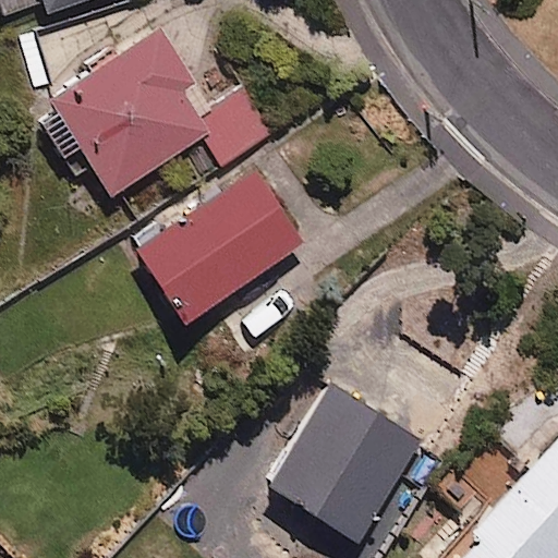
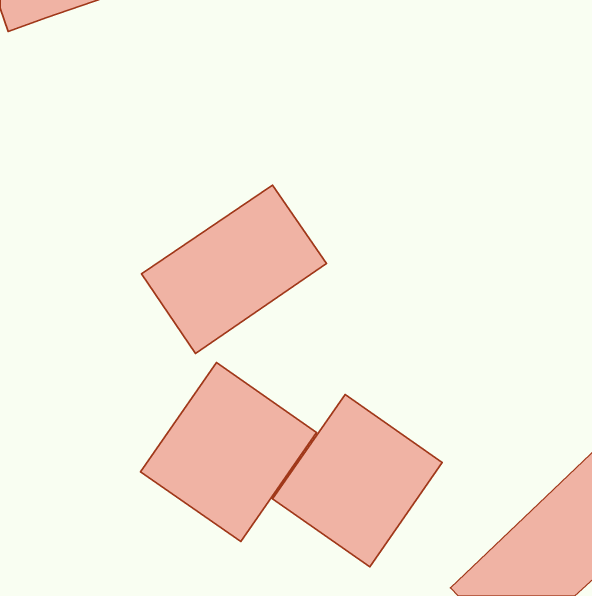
building: [35,32,271,202] -> none
building: none -> [141,363,317,542]

